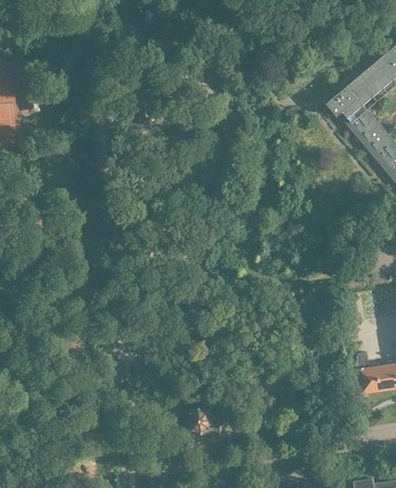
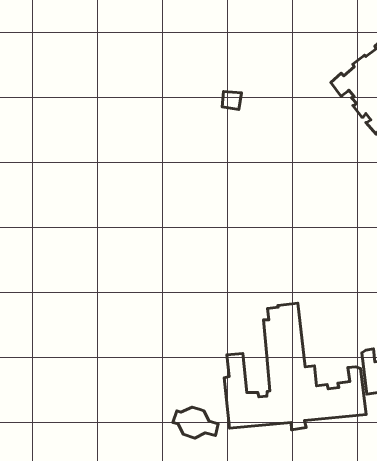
building: none -> [224,303,366,430]

